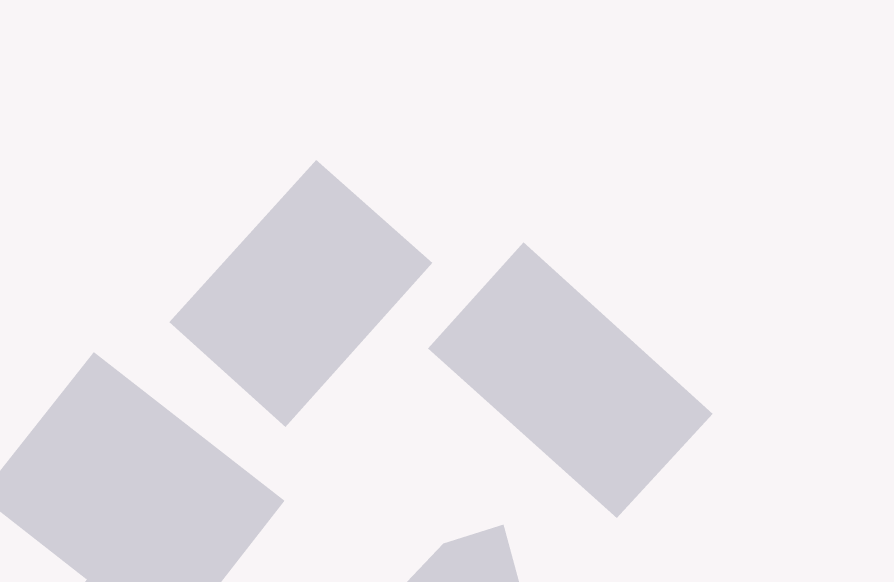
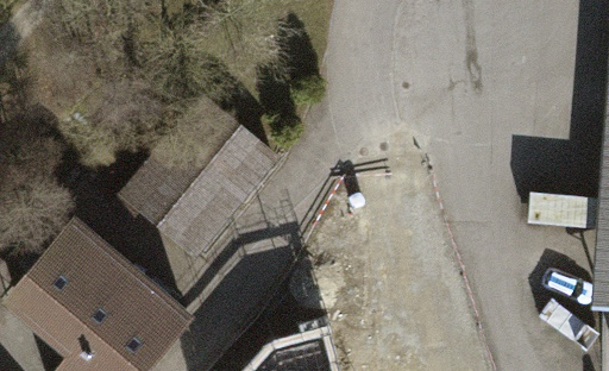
building: [427,242,713,519] -> none

